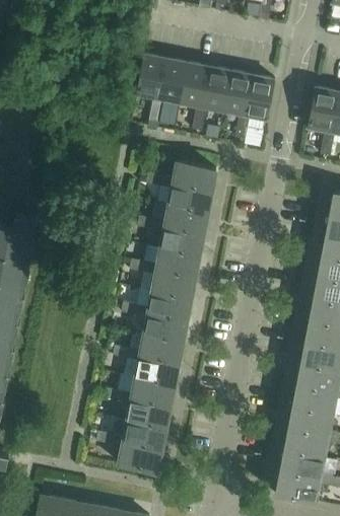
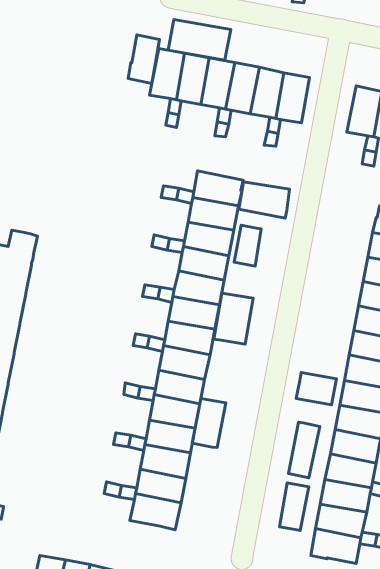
building: none -> [168,20,231,60]
building: none -> [128,35,160,83]
building: none -> [239,182,290,218]
building: none -> [234,225,261,266]
building: none -> [214,293,253,344]
building: none -> [296,373,336,405]
building: none -> [192,399,226,448]
building: none -> [288,422,320,478]
building: none -> [280,483,309,530]

